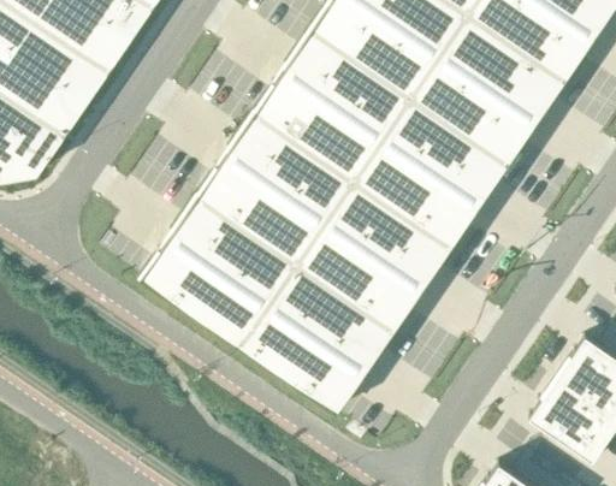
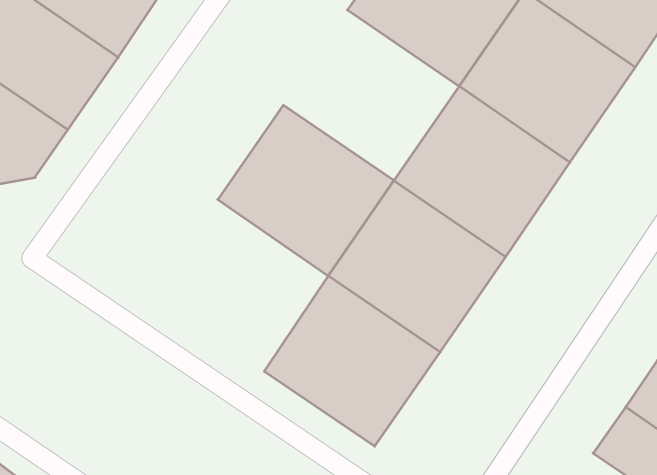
building: [256,28,411,178] -> none
building: [141,195,296,346] -> none

